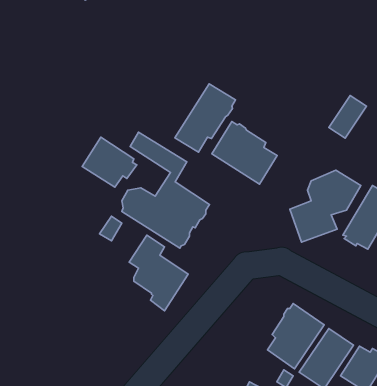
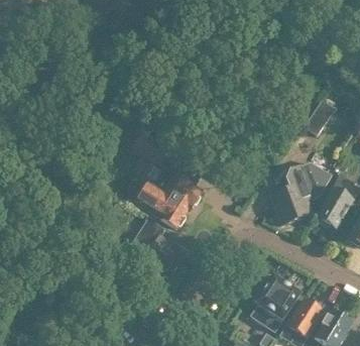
building: [175,84,236,152] -> none
building: [212,122,277,184] -> none
building: [82,137,137,187] -> none

